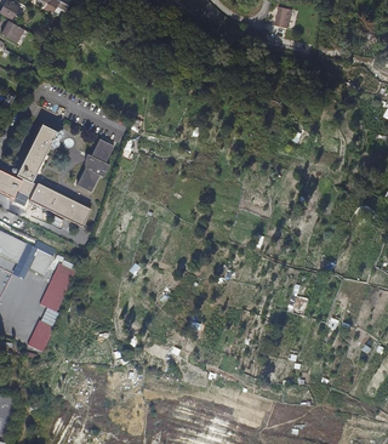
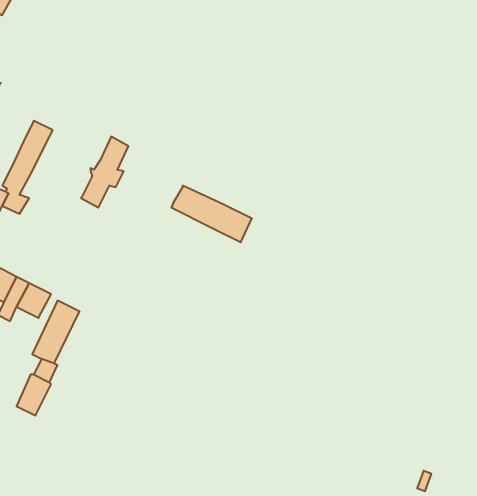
building: [29,183,91,227] -> [171,186,252,242]

